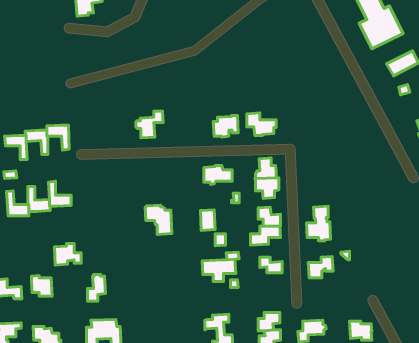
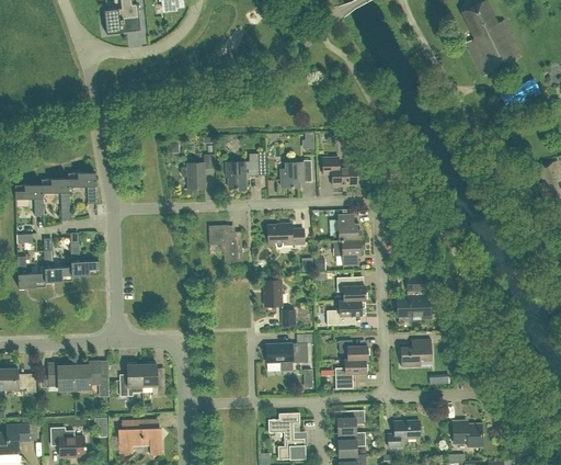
building: none -> [226,154,259,190]
building: [145,205,172,234] -> [208,225,242,262]
building: [54,243,81,265] -> [73,362,107,389]
building: none -> [335,360,365,388]
building: none -> [141,361,165,395]

